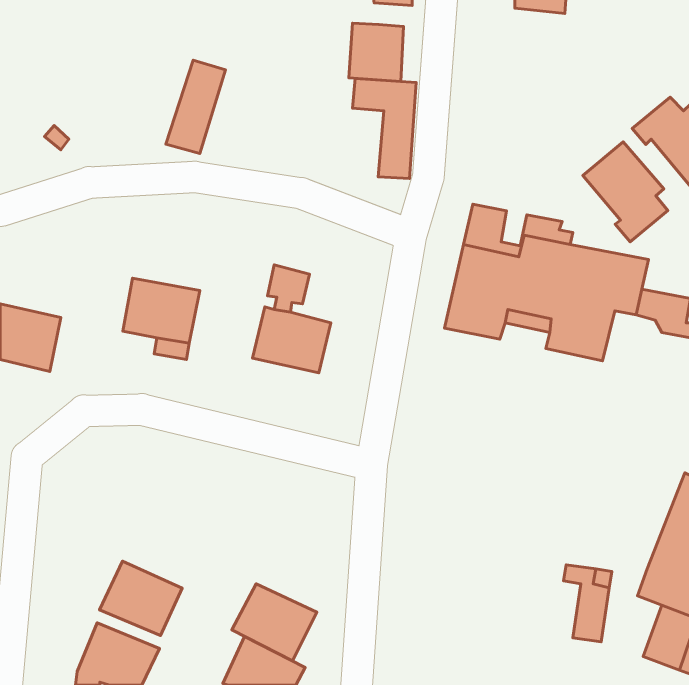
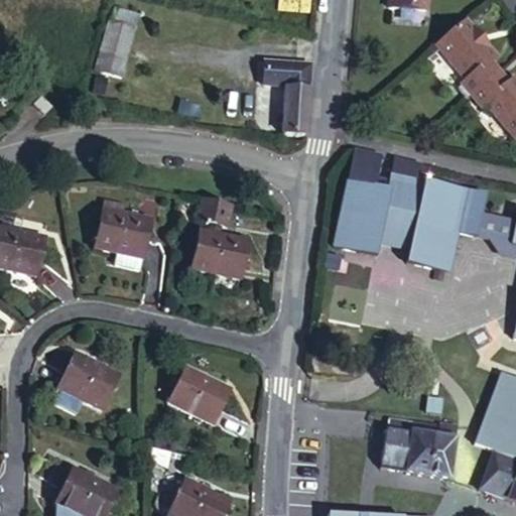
building: [349,23,404,81] -> none
building: [166,60,225,154] -> [97,7,141,77]
building: [583,142,668,242] -> [437,21,501,96]
building: none -> [381,416,434,476]
building: [100,561,182,635] -> [59,353,121,408]
building: [232,584,317,661] -> [166,365,230,422]

